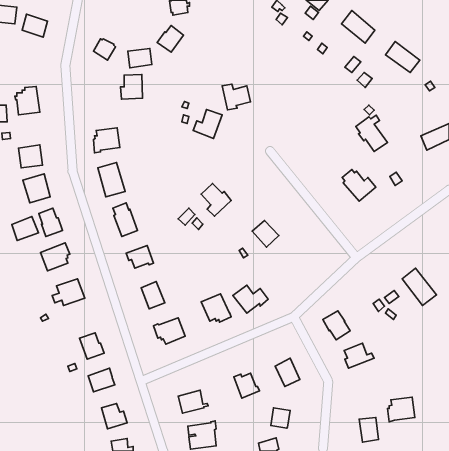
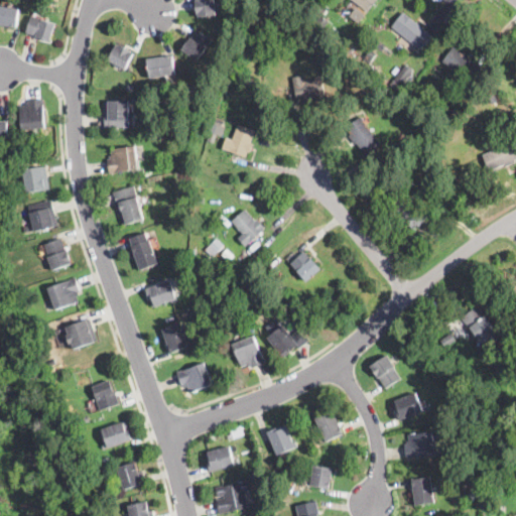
building: [121,74,143,99] -> [103,100,128,128]
building: [222,84,250,110] -> [291,76,324,105]
building: [356,115,388,151] -> [344,115,380,156]
building: [12,216,38,241] -> none
building: [387,397,415,422] -> [403,431,434,460]

